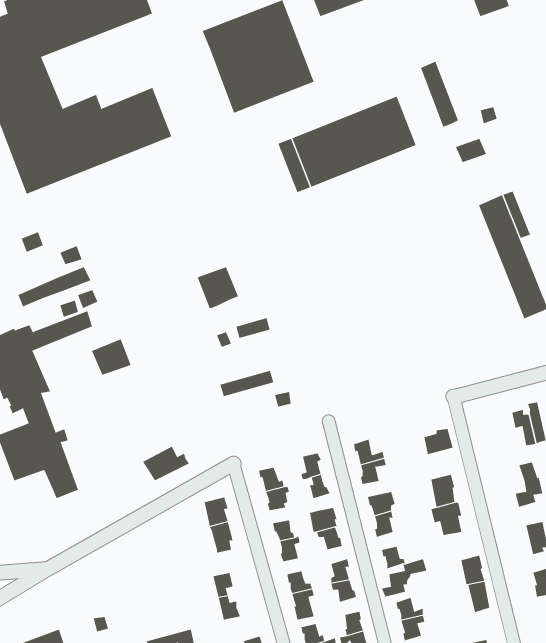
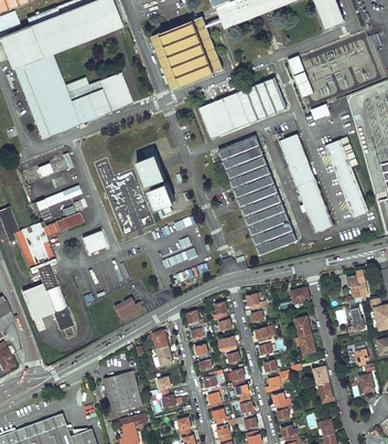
building: none -> [279,134,333,233]
building: none -> [217,135,297,255]
building: none -> [136,155,164,186]
building: none -> [104,370,142,412]

